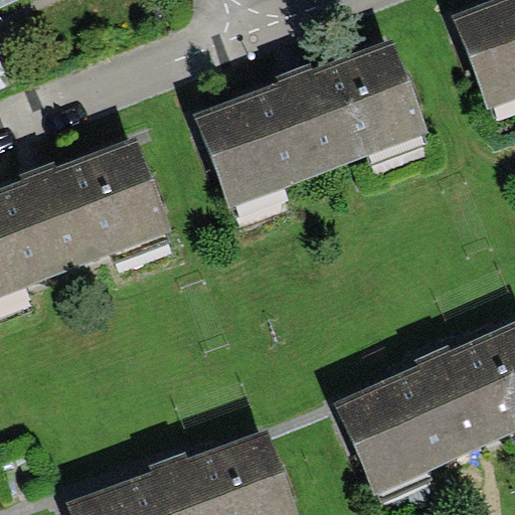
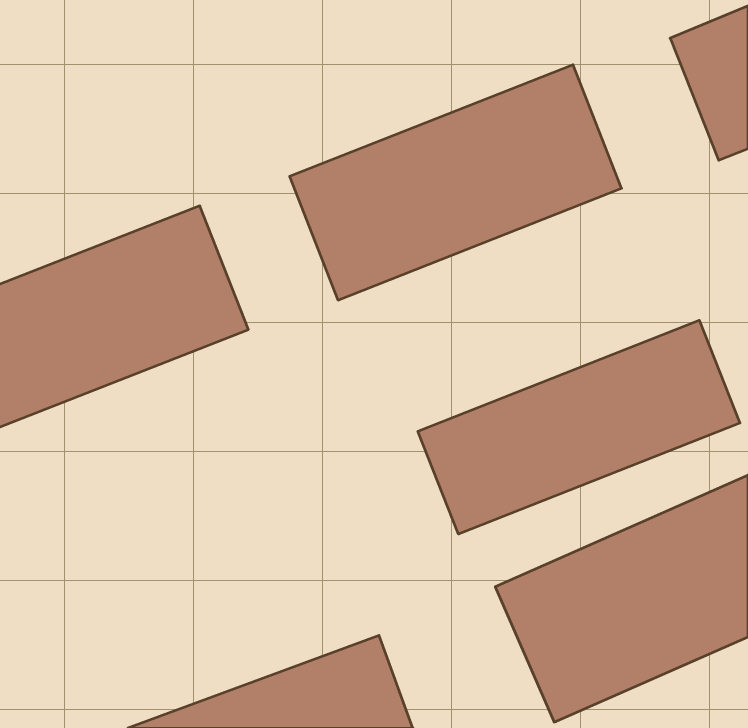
building: none -> [418,320,740,534]

